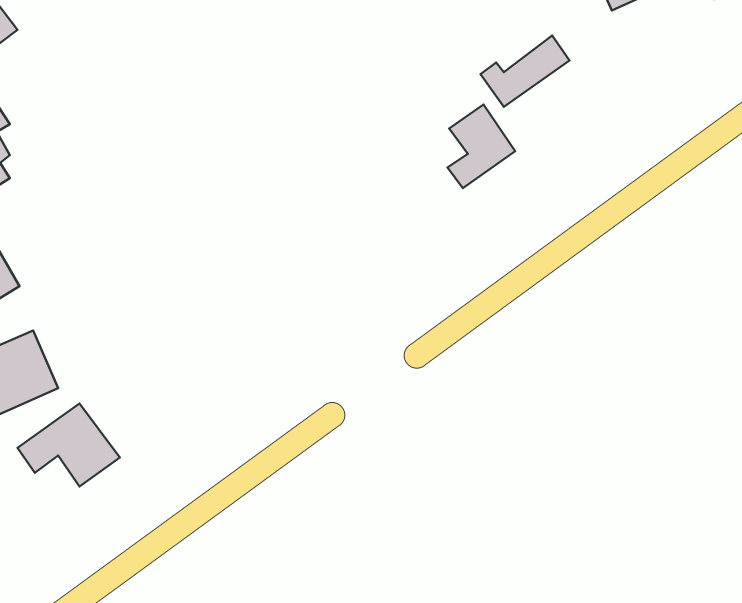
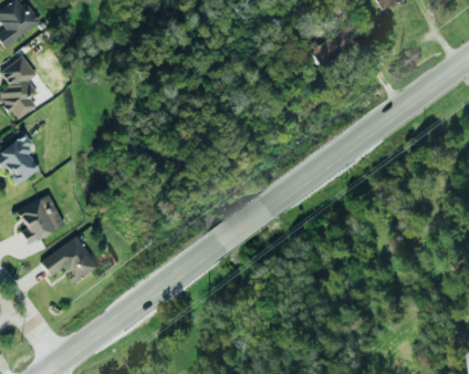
building: [448,104,515,188] -> none

